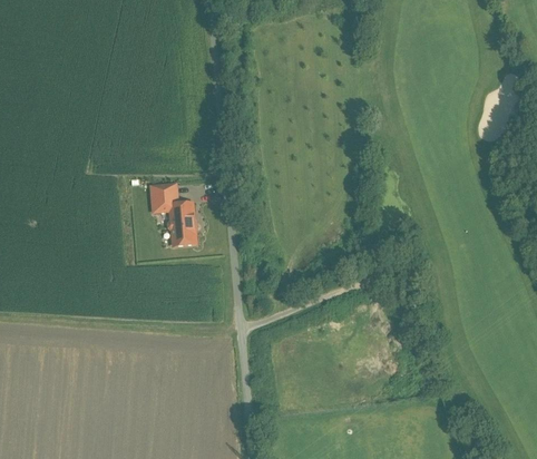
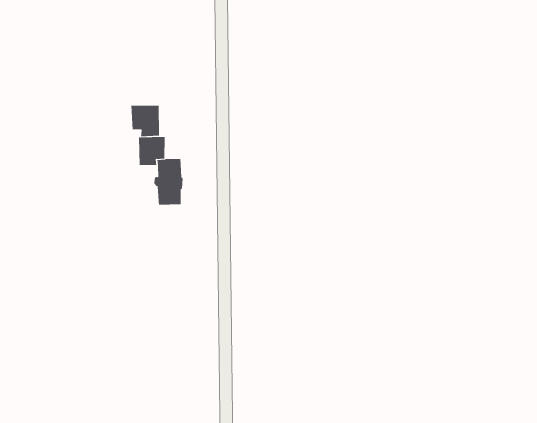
building: none -> [131,105,160,137]

